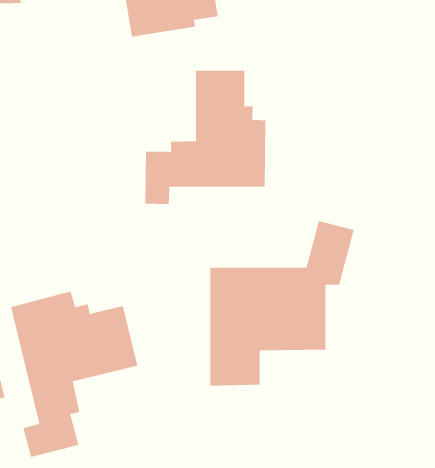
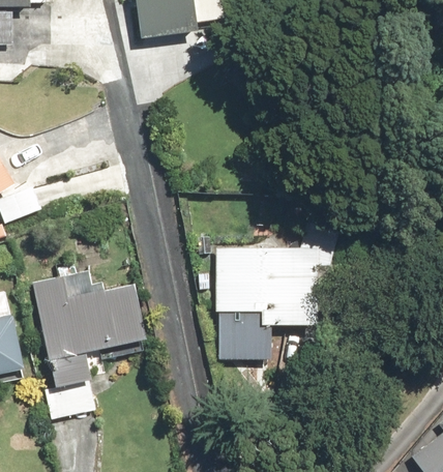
building: [145,70,266,205] -> none

